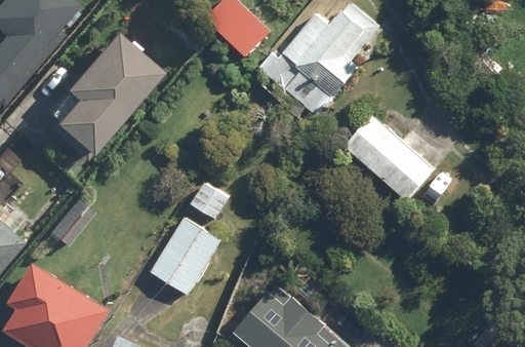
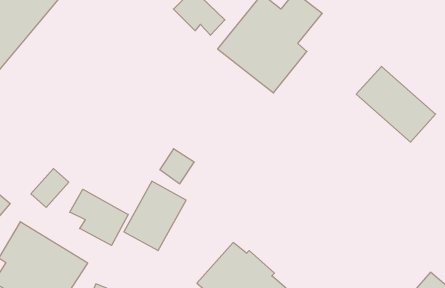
building: [53,34,161,158] -> none
building: [344,114,434,200] -> [356,66,436,142]
building: none -> [70,189,128,245]

